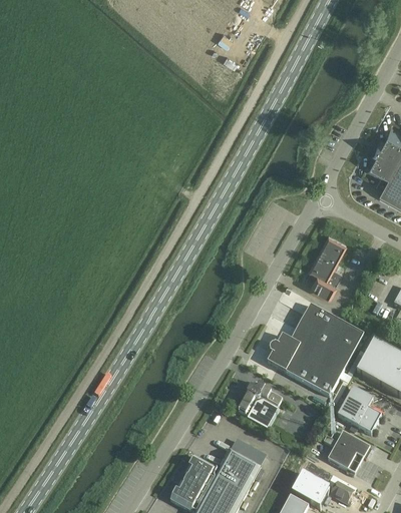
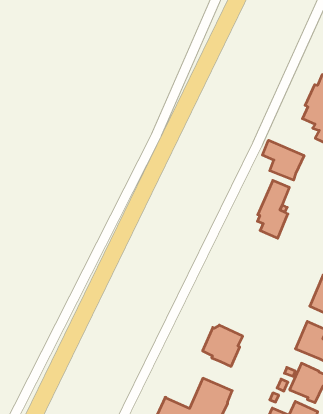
building: none -> [262,140,304,180]
building: [268,304,364,395] -> none

